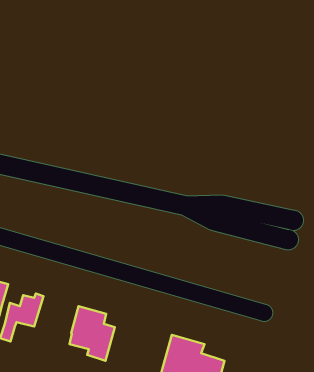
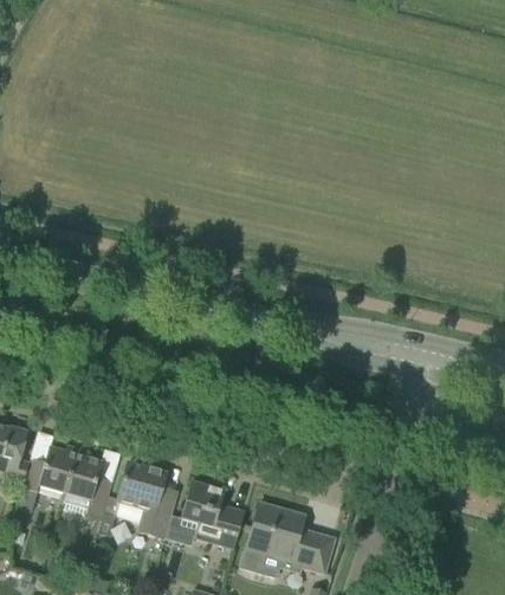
building: none -> [61,447,112,518]
building: none -> [181,480,245,547]

